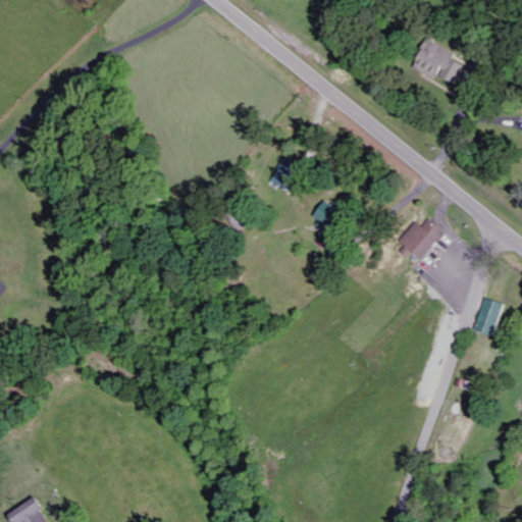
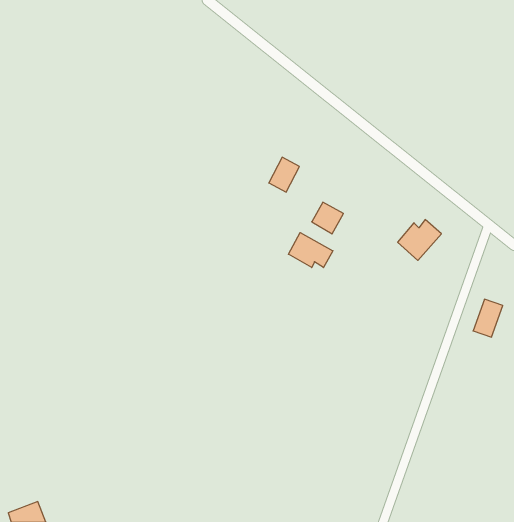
building: [412,41,468,85] -> none
building: none -> [288,233,333,268]

